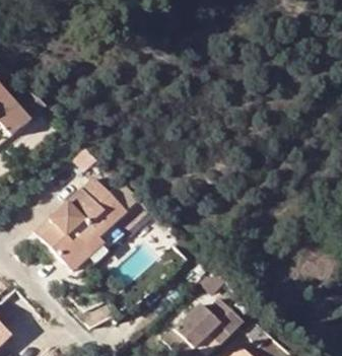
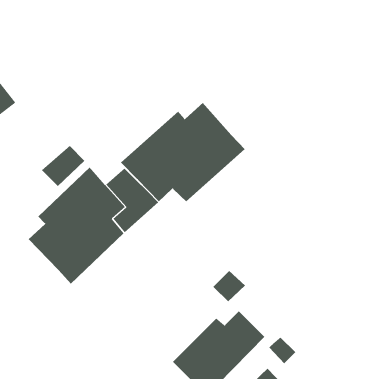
building: none -> [120,102,245,202]

